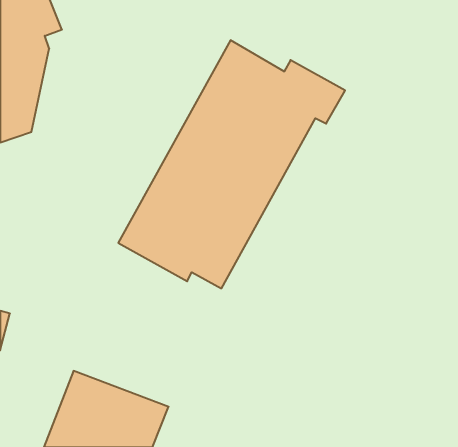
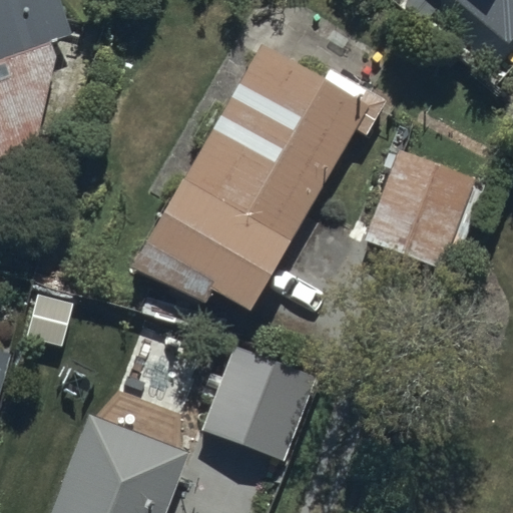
building: none -> [360,147,475,269]
building: none -> [200,342,318,455]

